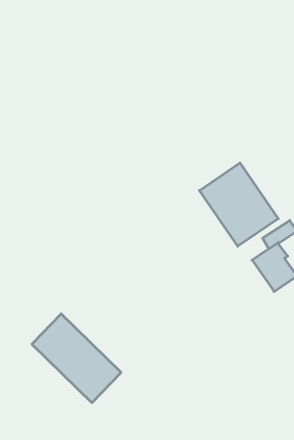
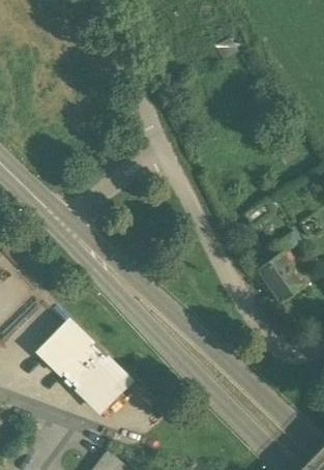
building: [199,163,278,246] -> none

